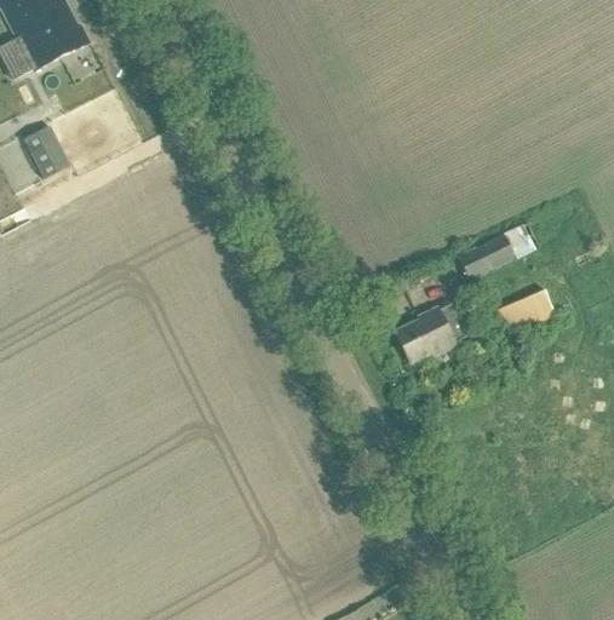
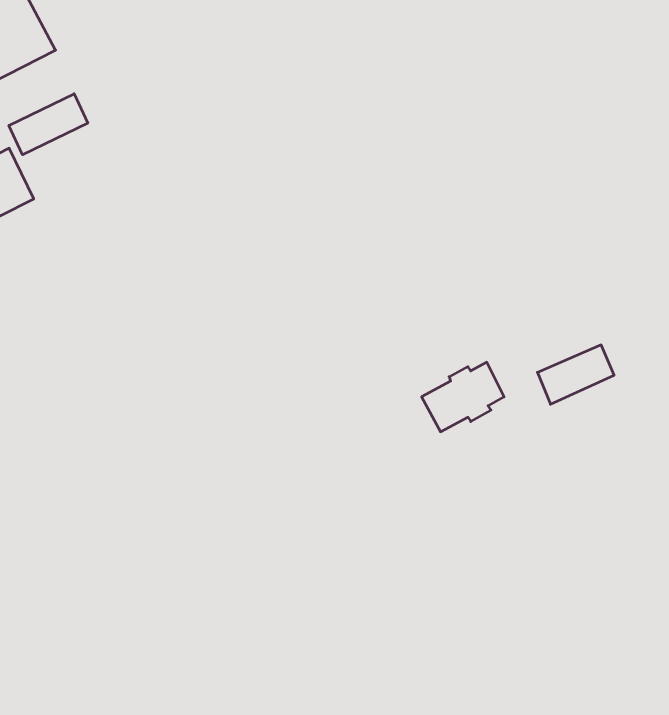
building: none -> [9,94,88,155]
building: [457,232,515,280] -> none

